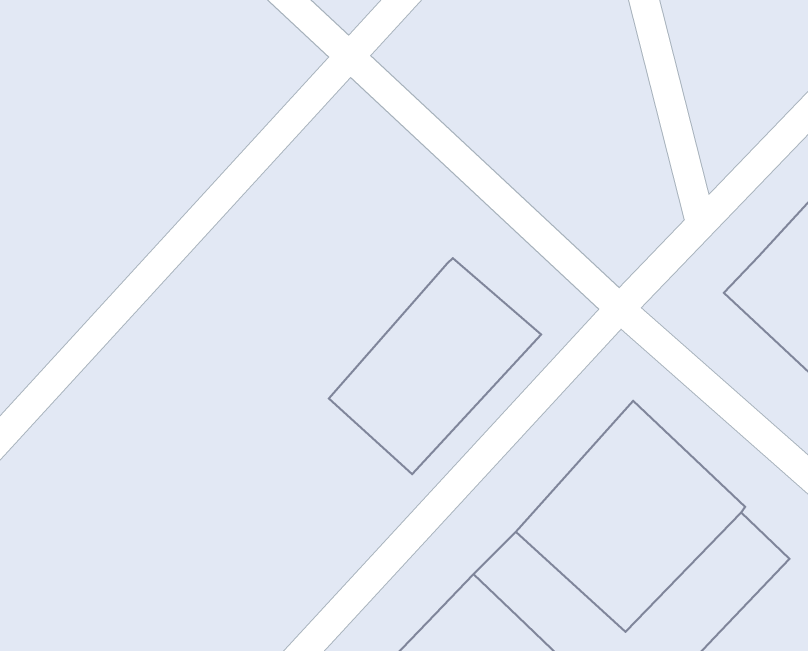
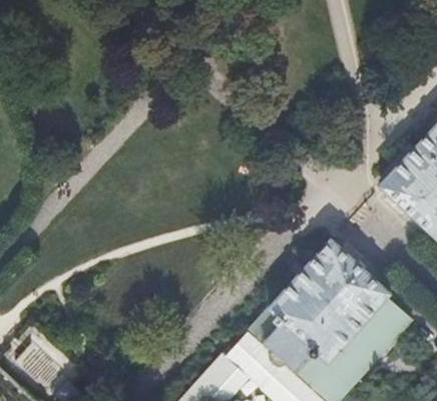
building: [329,258,541,474] -> none

